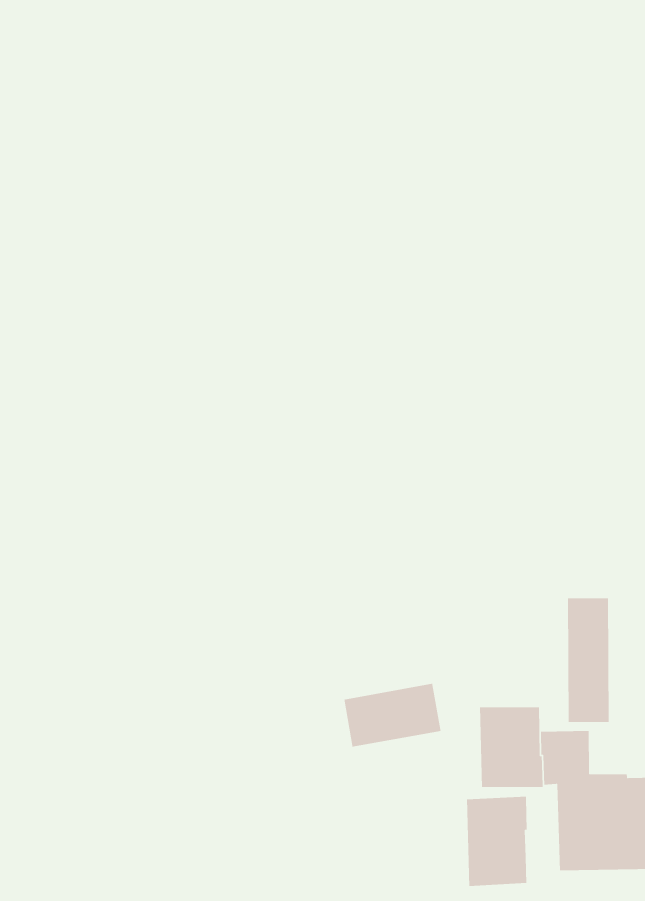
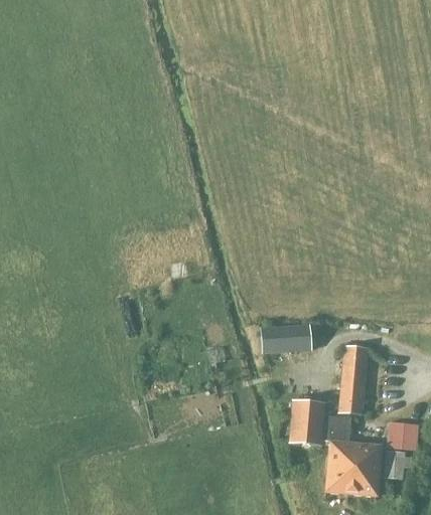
building: [343,683,441,748] -> [261,323,311,353]
building: [466,796,527,887] -> none

